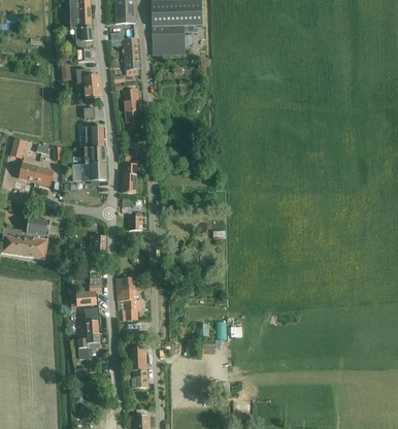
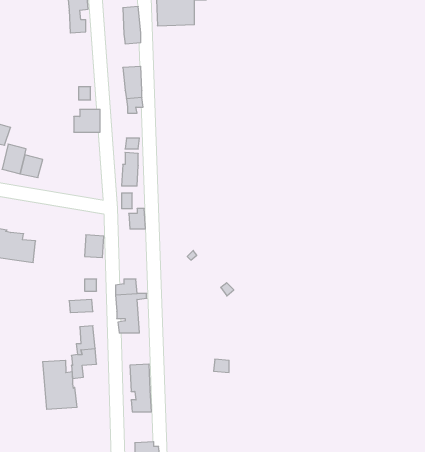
building: [76,69,101,98] -> none
building: [76,146,106,180] -> none
building: [22,217,51,240] -> none
building: none -> [43,360,77,409]

